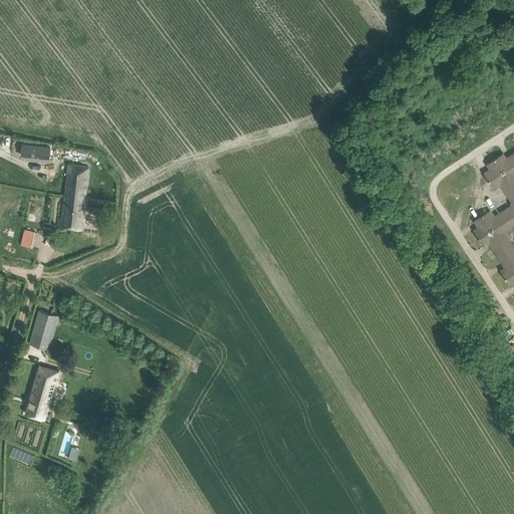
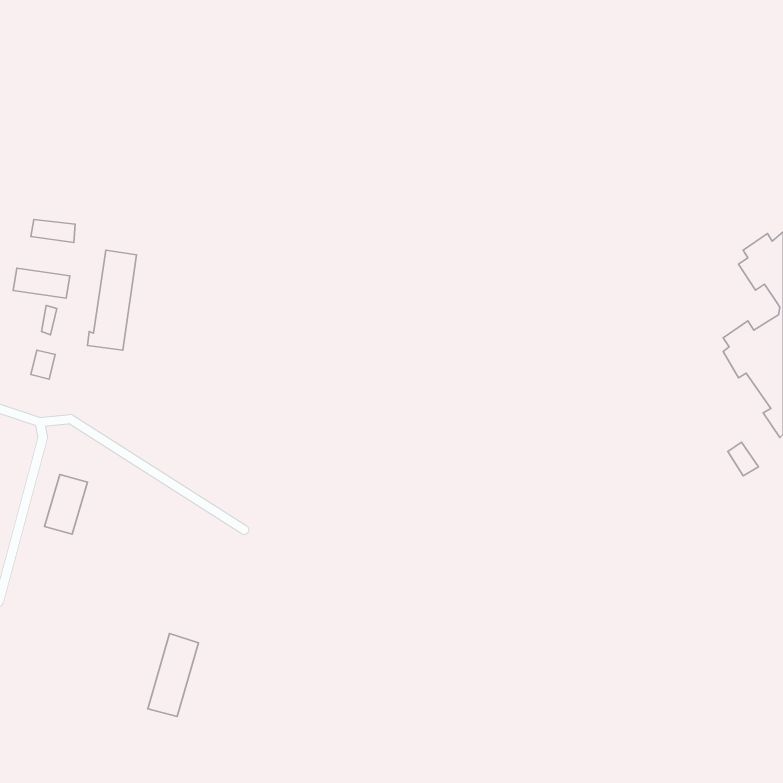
building: none -> [13,268,70,298]
building: [25,365,58,420] -> [148,634,199,717]

